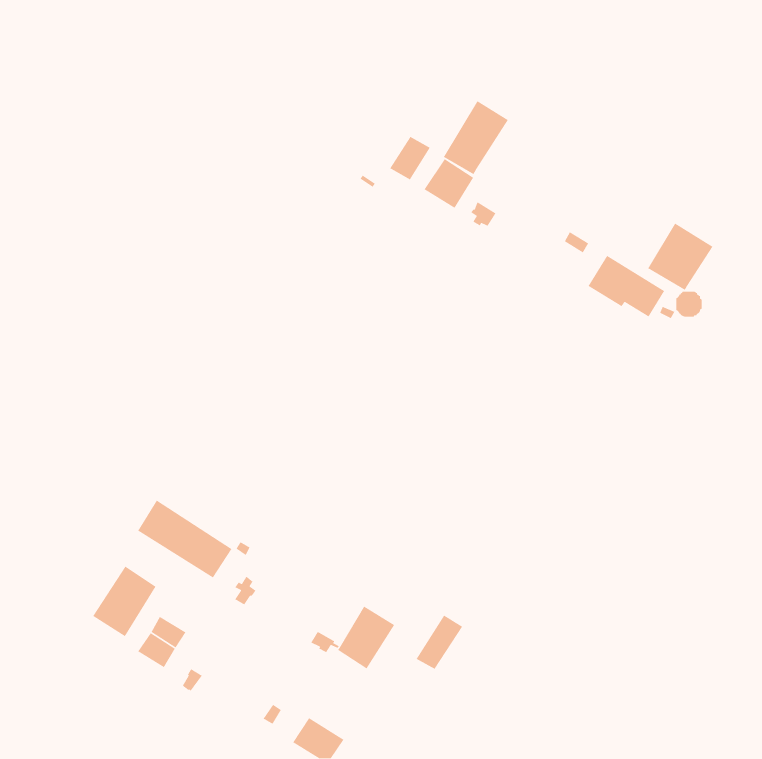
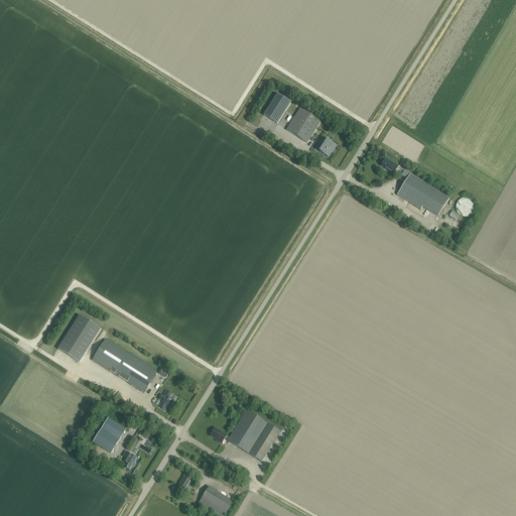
building: [443,100,509,175] -> none
building: [647,223,713,291] -> none
building: [92,566,156,637] -> [57,313,101,362]
building: [415,615,463,670] -> [248,422,280,460]

